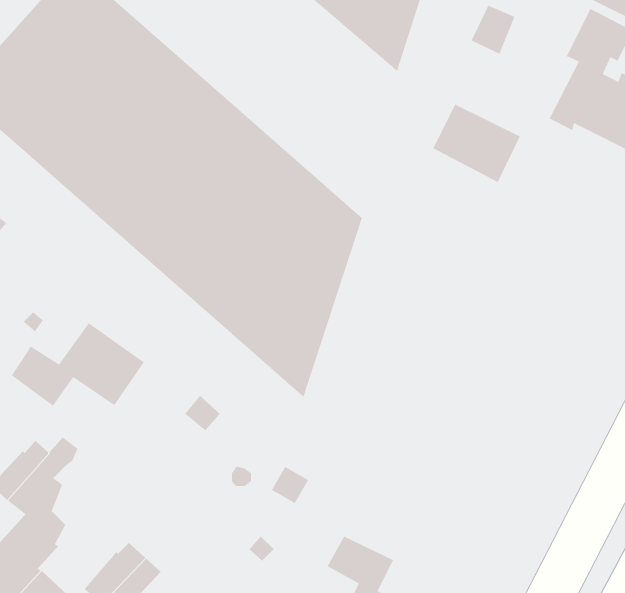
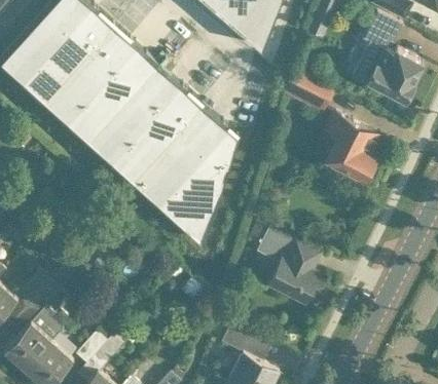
building: none -> [314,118,377,181]
building: [11,322,145,407] -> none
building: none -> [254,230,320,307]

